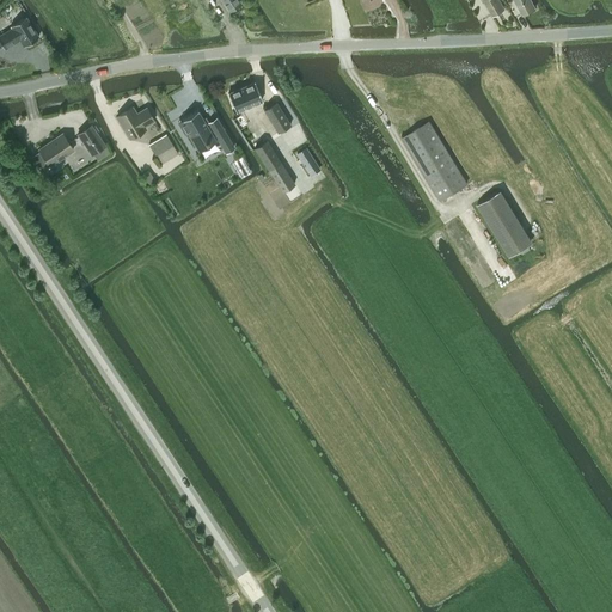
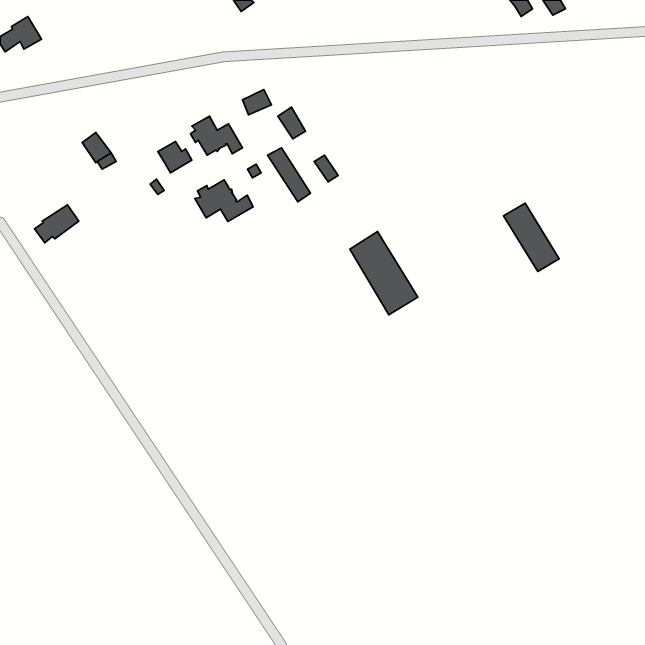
building: [117,108,154,139] -> none
building: [403,121,467,200] -> [350,231,418,315]
building: [31,134,73,170] -> [35,205,79,243]
building: none -> [195,180,253,221]

